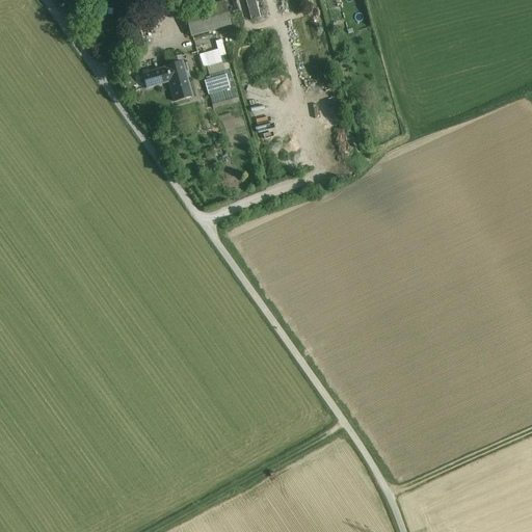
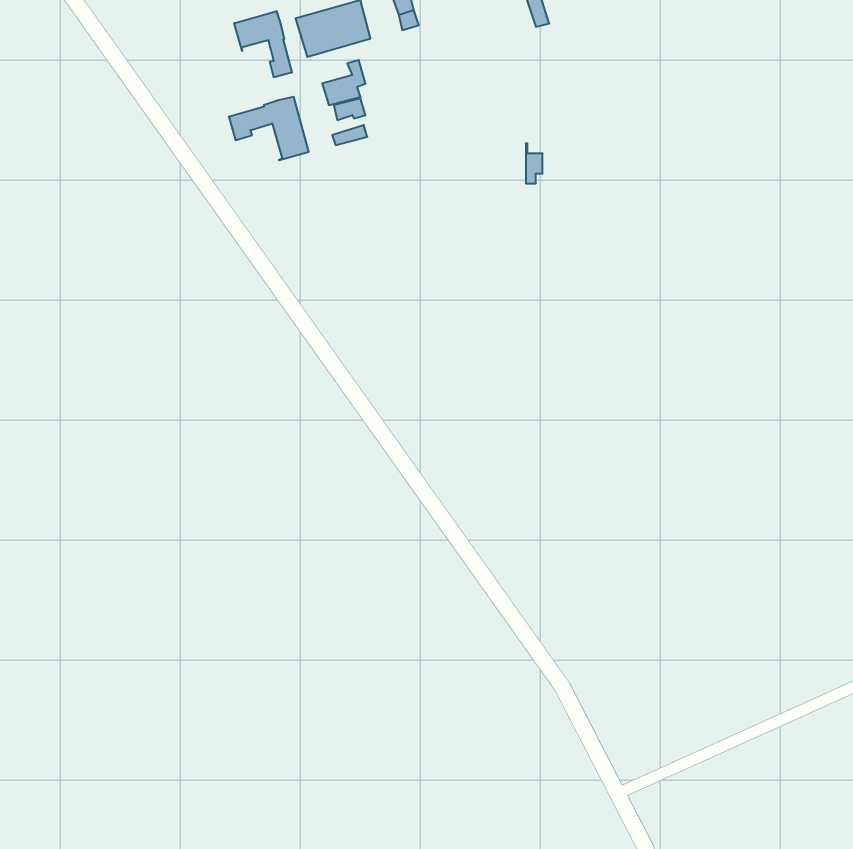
building: none -> [234,11,292,77]

